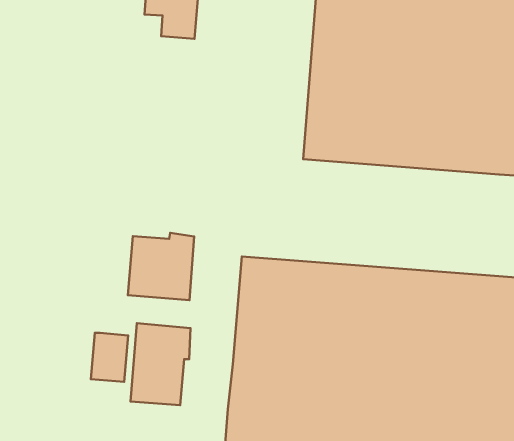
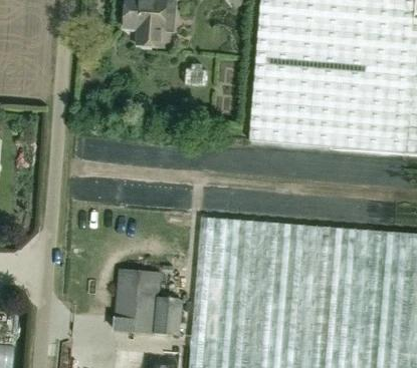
building: [128,233,194,300] -> none
building: [91,333,128,382] -> [154,299,183,337]

